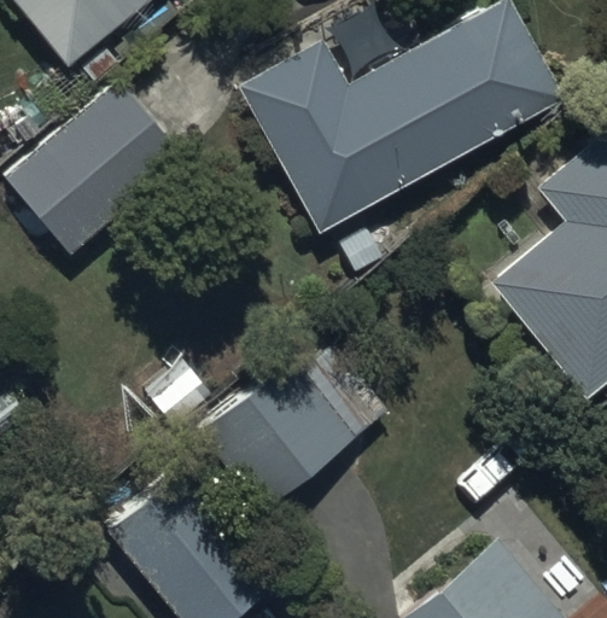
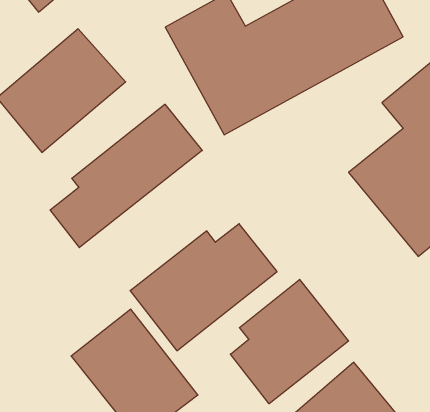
building: none -> [50,104,202,248]
building: none -> [230,279,349,404]

